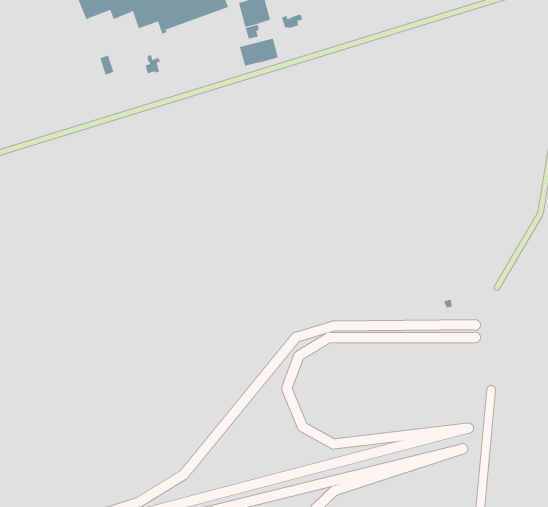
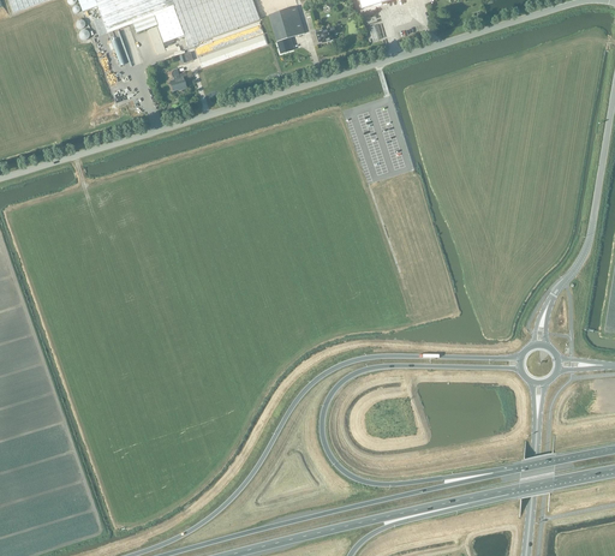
building: [239,38,279,66] -> none

